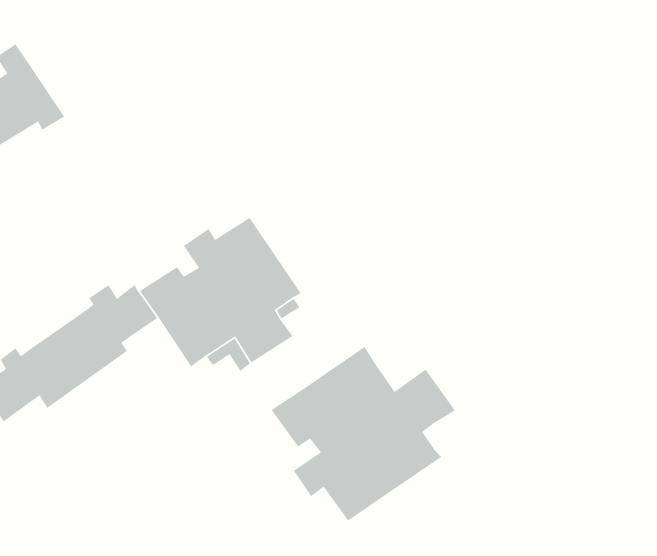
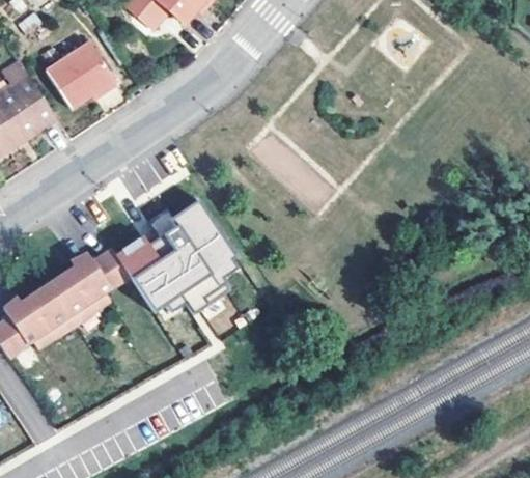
building: none -> [48,45,114,110]
building: [271,346,456,521] -> none

